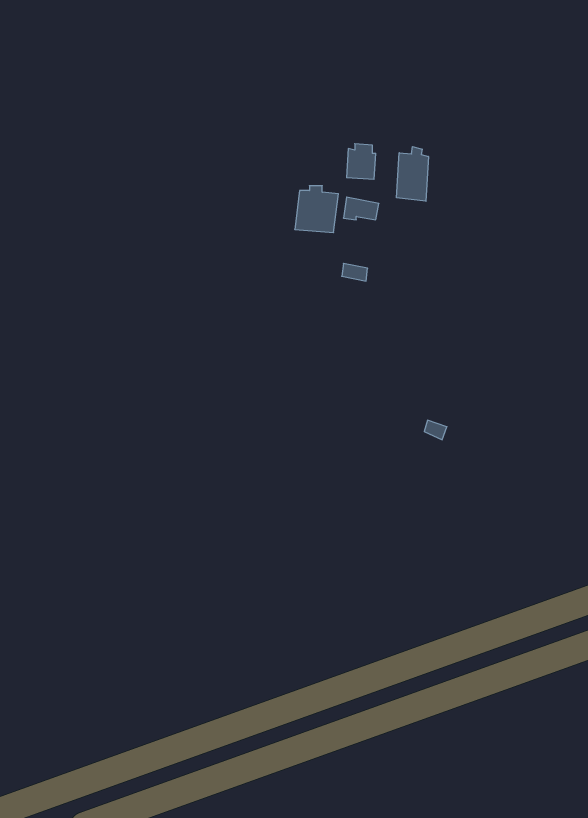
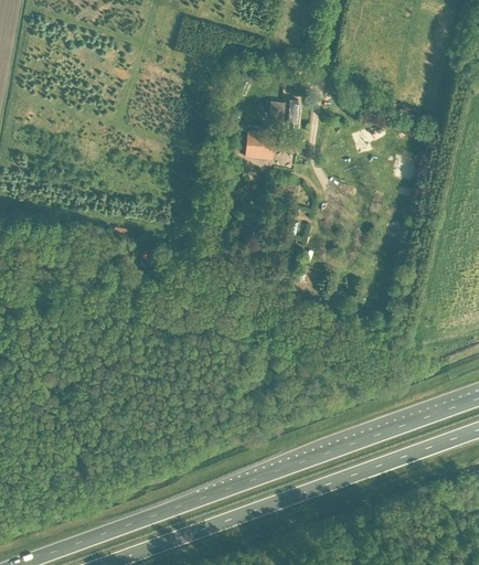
building: [397,147,428,201] -> none

